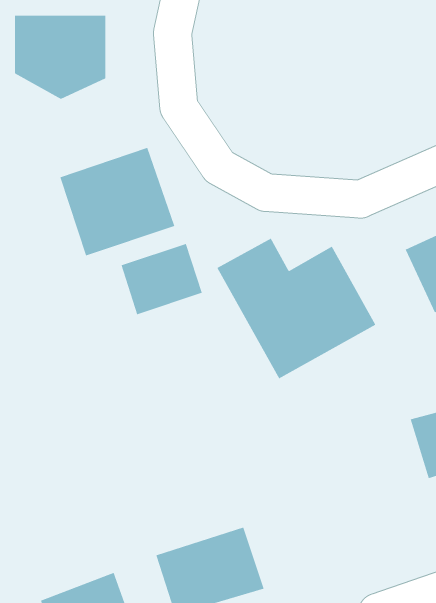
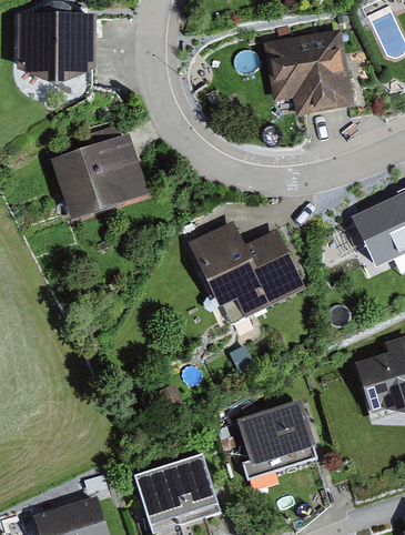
building: none -> [264,21,355,111]
building: [121,243,202,315] -> none
building: none -> [237,401,321,467]

